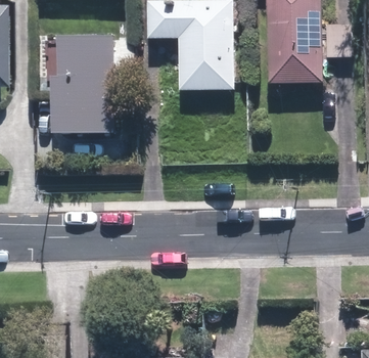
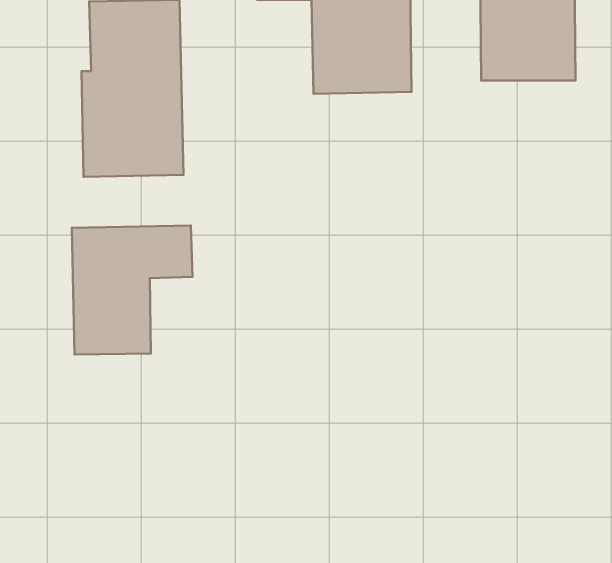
building: none -> [72,225,193,354]

